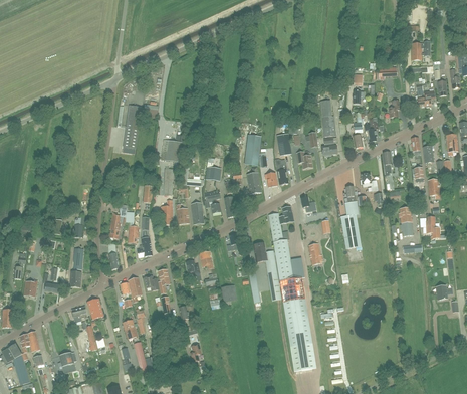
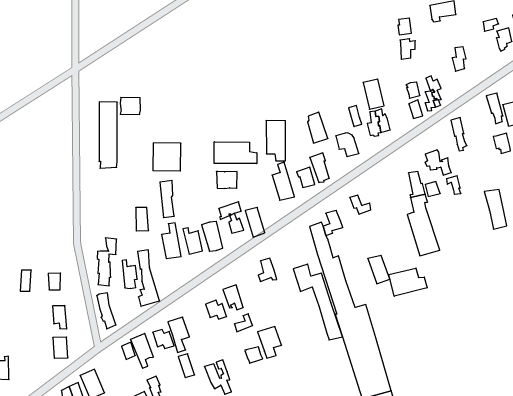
building: none -> [214,142,257,164]
building: none -> [389,268,427,296]

